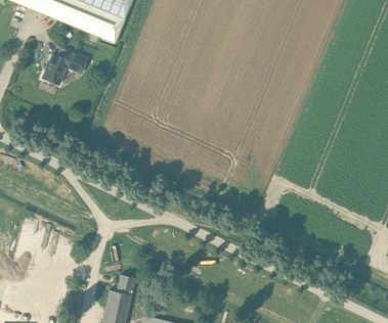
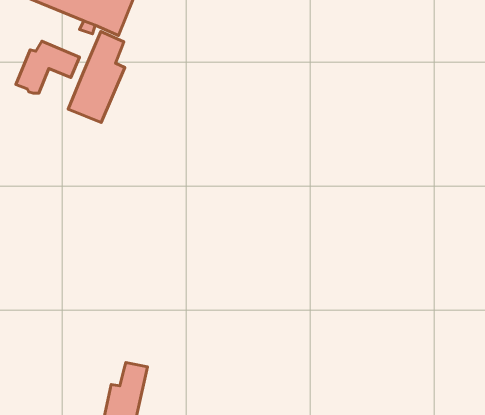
building: none -> [68,32,125,122]

